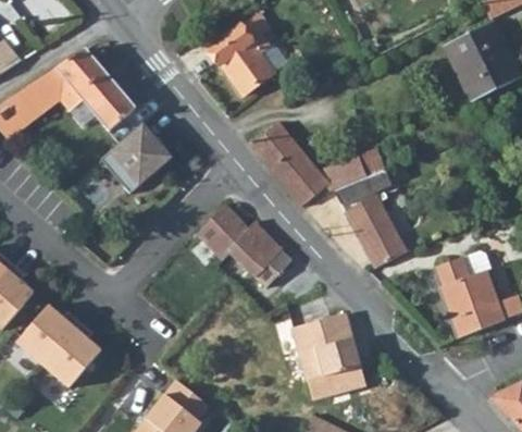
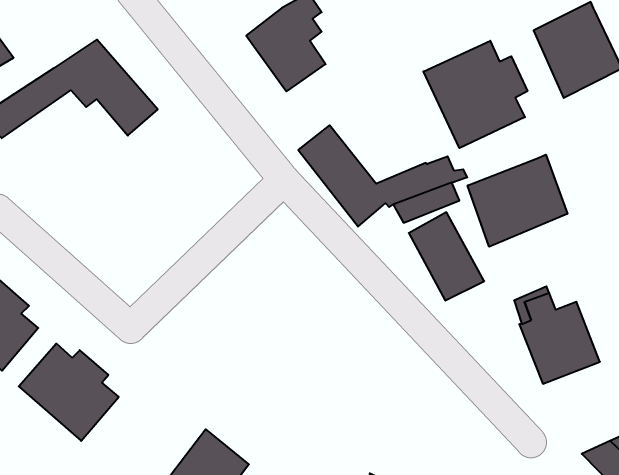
building: none -> [423,41,527,148]
building: [105,121,172,186] -> none
building: none -> [468,155,567,247]
building: [187,205,284,277] -> none
building: [294,312,364,400] -> none

